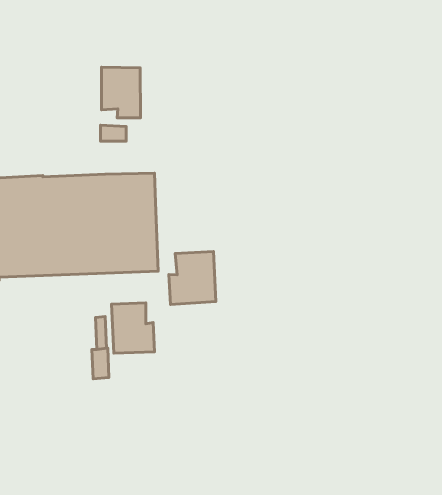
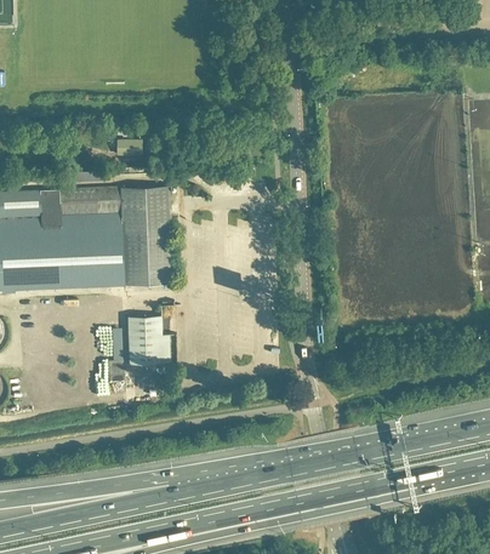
building: [101,67,141,118] -> none
building: [169,251,216,304] -> none

